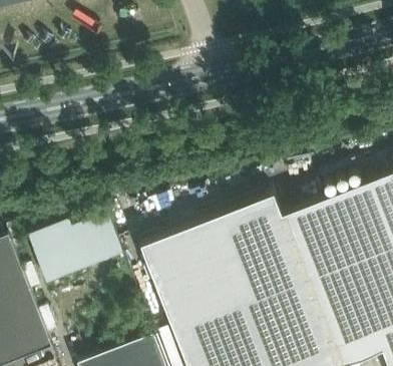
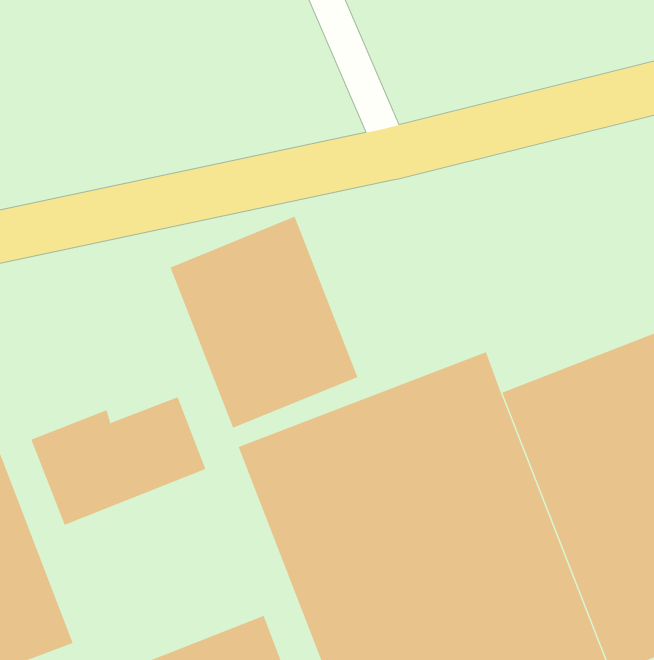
building: none -> [170,216,358,429]

